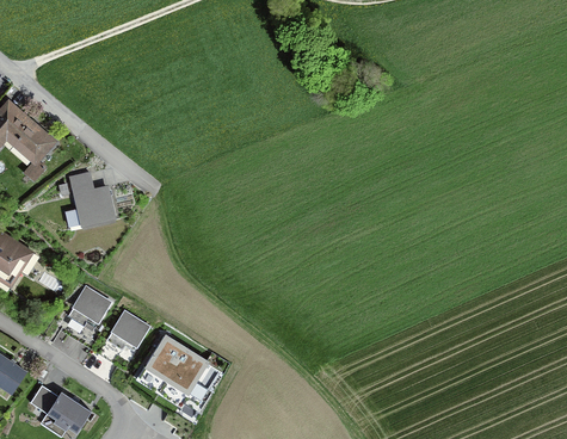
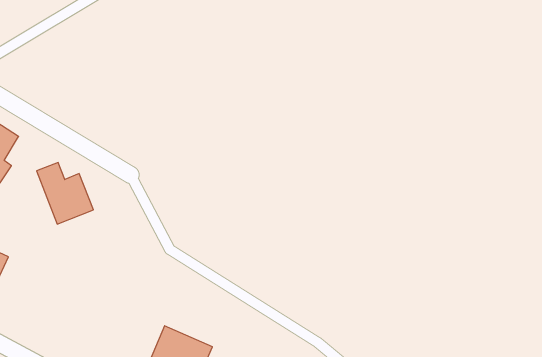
building: [68,287,111,328] -> none
building: [106,309,152,351] -> none

